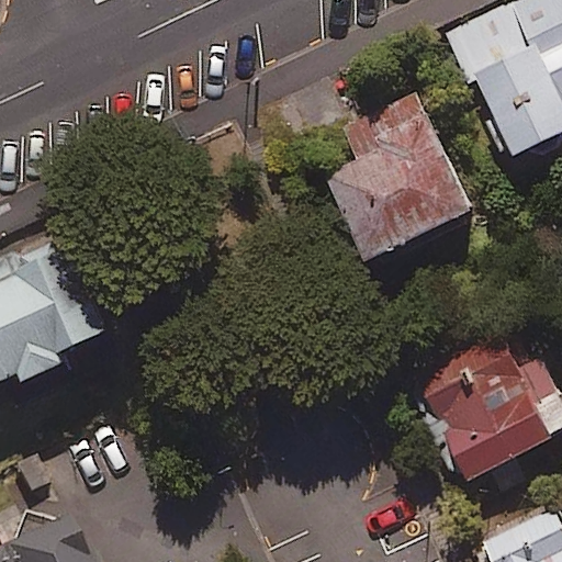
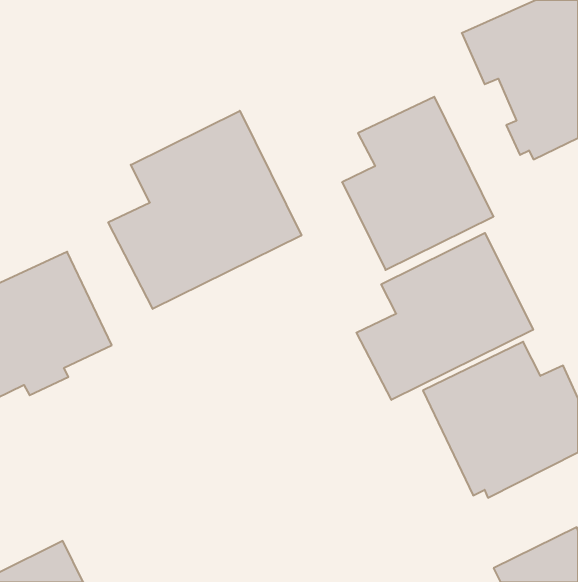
building: none -> [108,111,301,309]
building: none -> [356,233,533,400]

